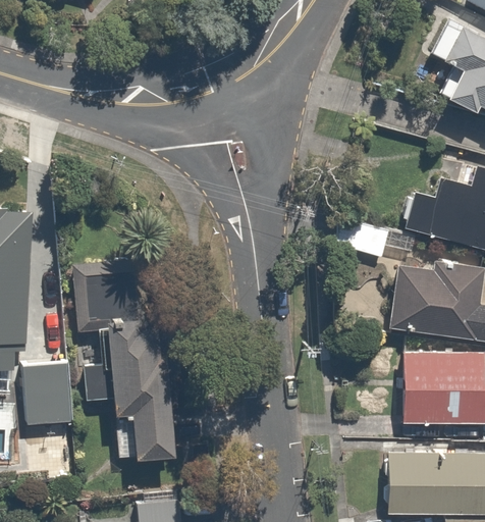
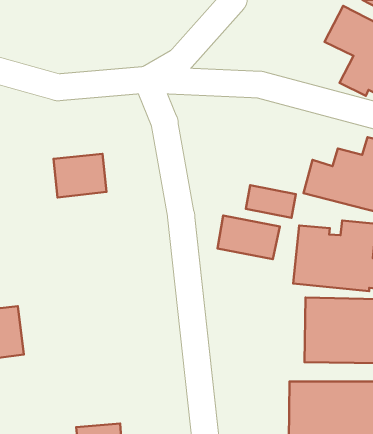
building: none -> [54,154,106,197]
building: [69,256,176,456] -> none
building: none -> [217,216,280,259]

